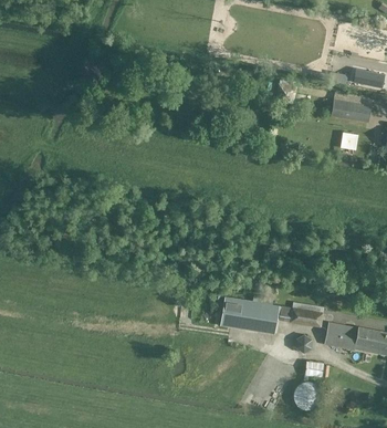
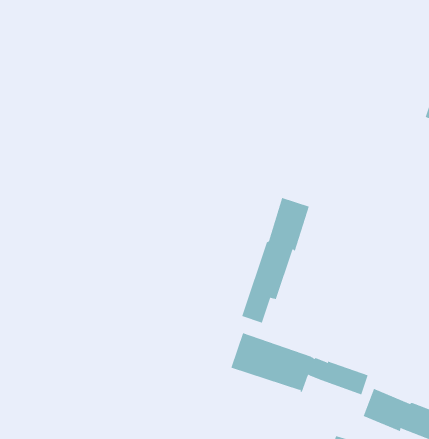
building: none -> [242,197,309,323]

